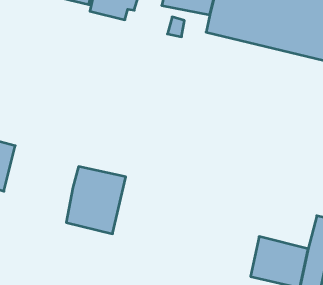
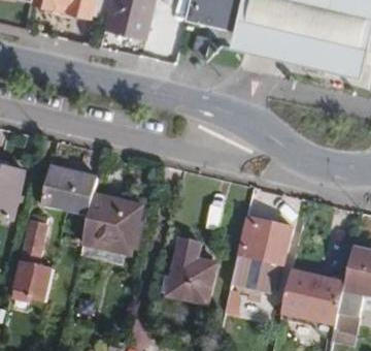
building: none -> [42,167,96,216]
building: none -> [15,213,52,300]
building: none -> [227,217,290,302]
building: none -> [159,238,216,304]

